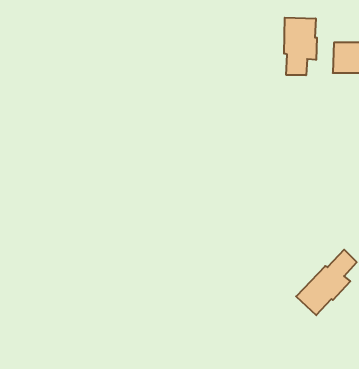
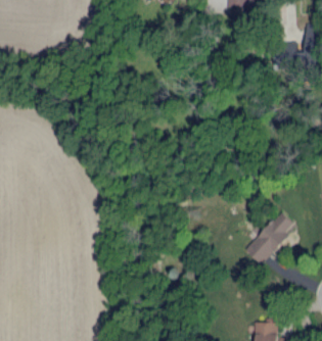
building: [284,18,317,75] -> none

